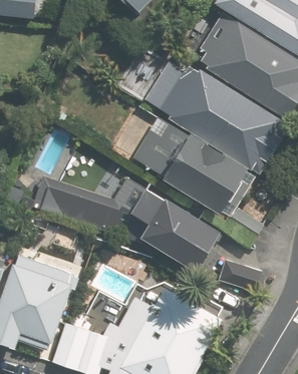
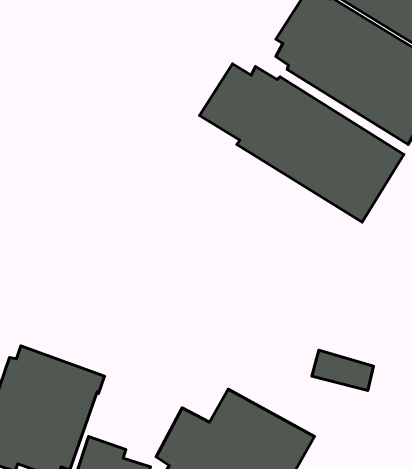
building: [133,115,263,239] -> none
building: [31,173,219,272] -> none

